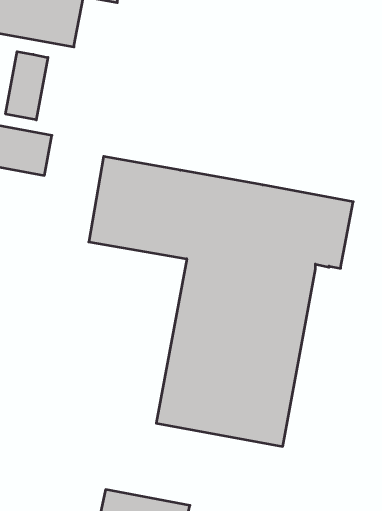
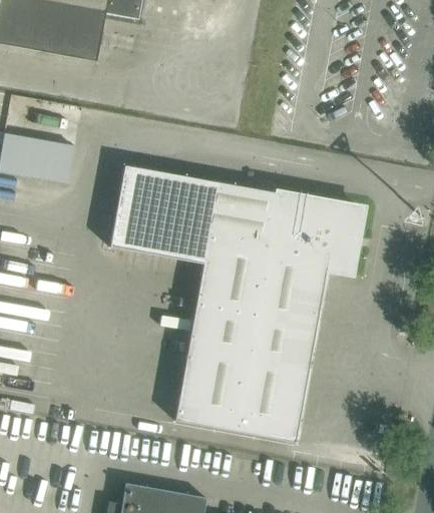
building: [6,52,48,120] -> none

